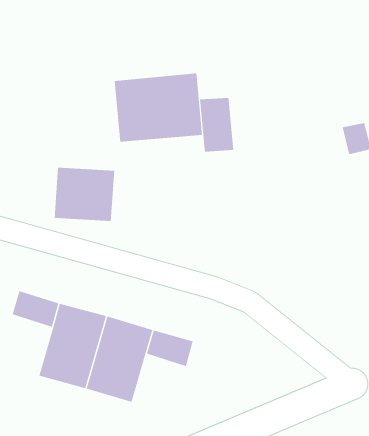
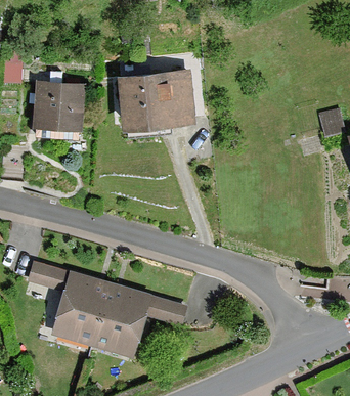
building: [199,97,234,153] -> none
building: [54,167,115,222] -> [32,81,86,129]

